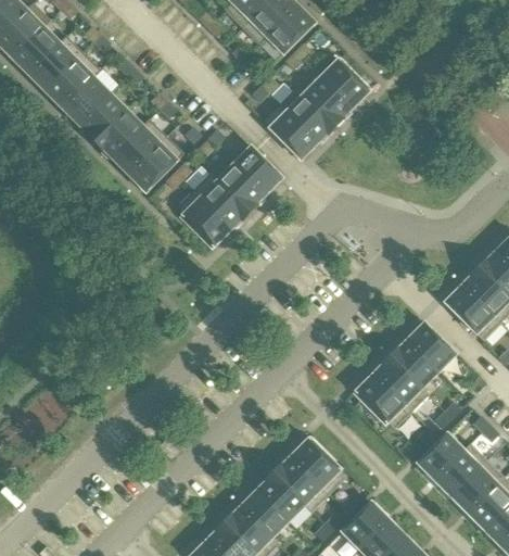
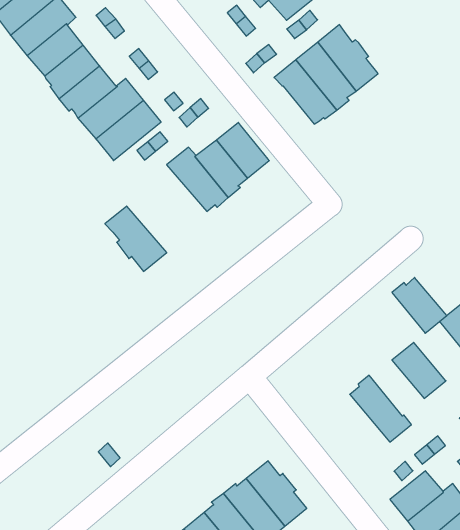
building: [269,111,317,159] -> none
building: [175,190,231,245] -> [105,206,167,271]
building: [387,340,437,388] -> [392,277,447,333]
building: [356,374,411,429] -> none

